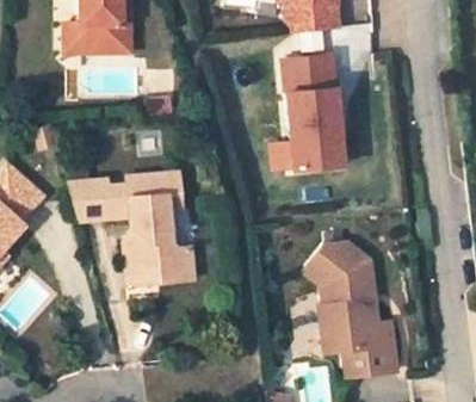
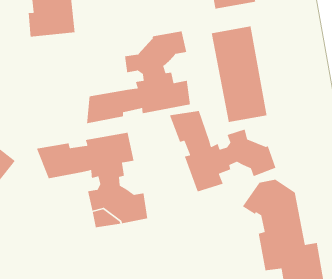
building: none -> [86,31,191,124]
building: none -> [169,110,276,193]

